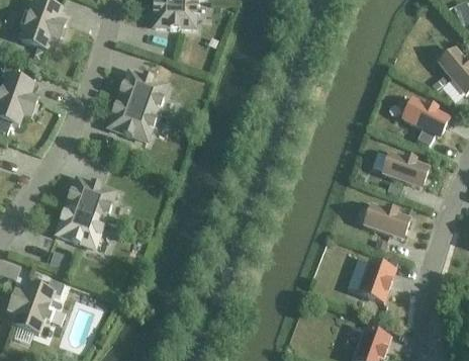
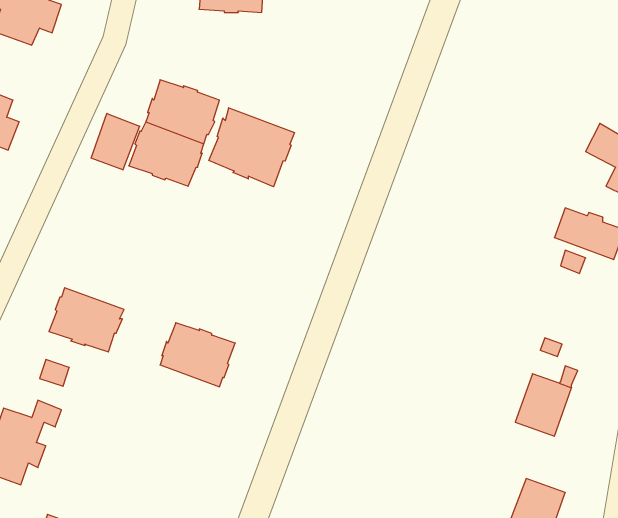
building: none -> [209,108,294,187]
building: none -> [91,113,140,170]
building: [66,178,114,219] -> [160,323,235,387]
building: [363,205,408,238] -> none

